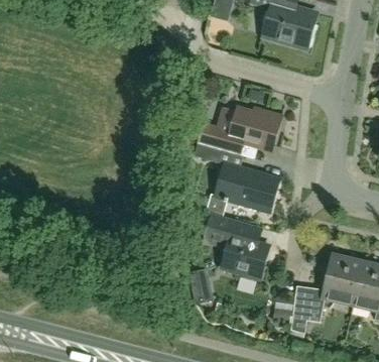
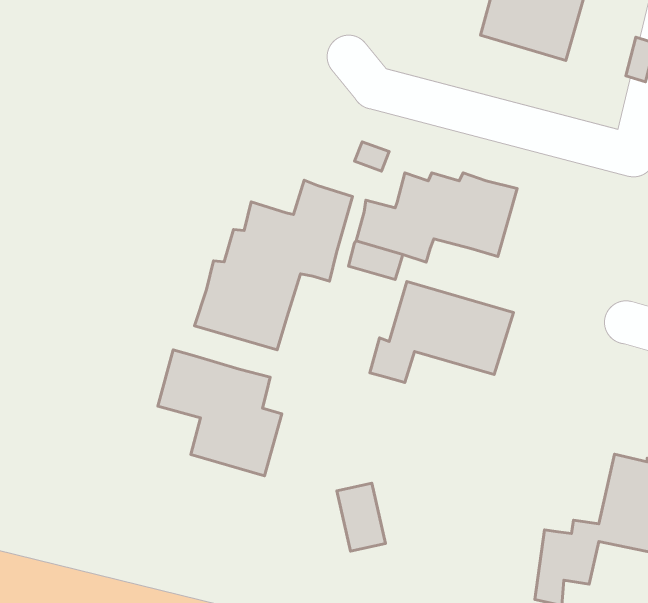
building: none -> [195,180,352,350]
building: [204,212,268,277] -> [158,350,282,476]

